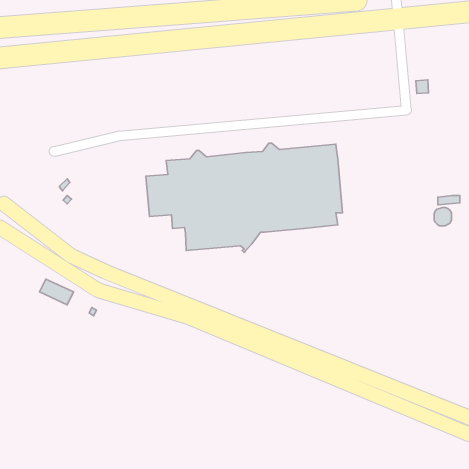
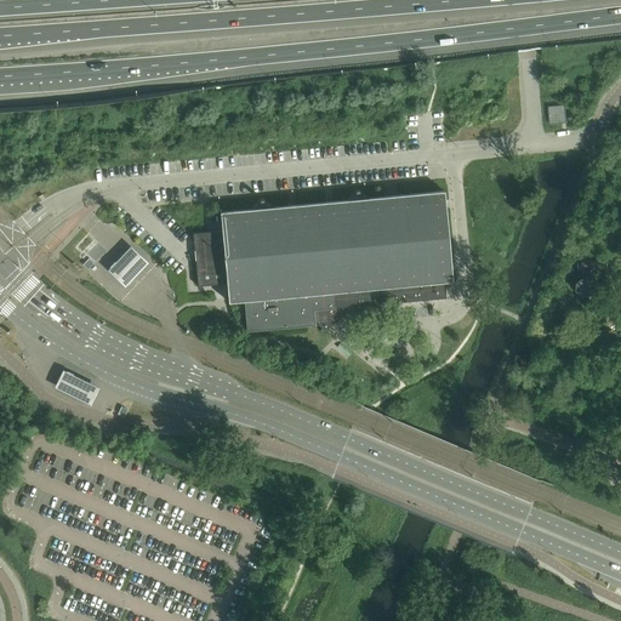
building: none -> [107,250,148,291]

